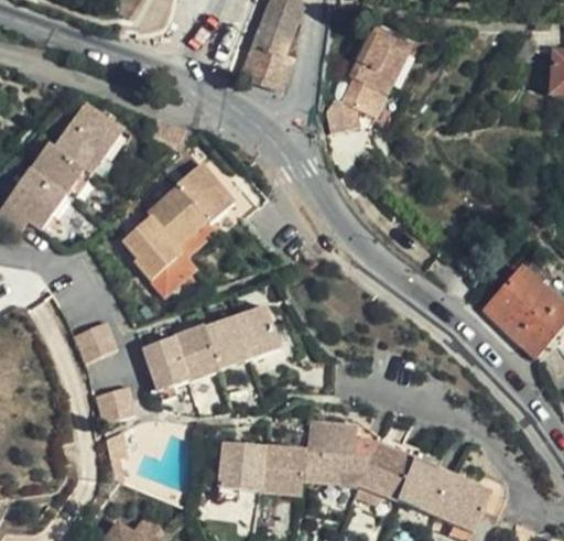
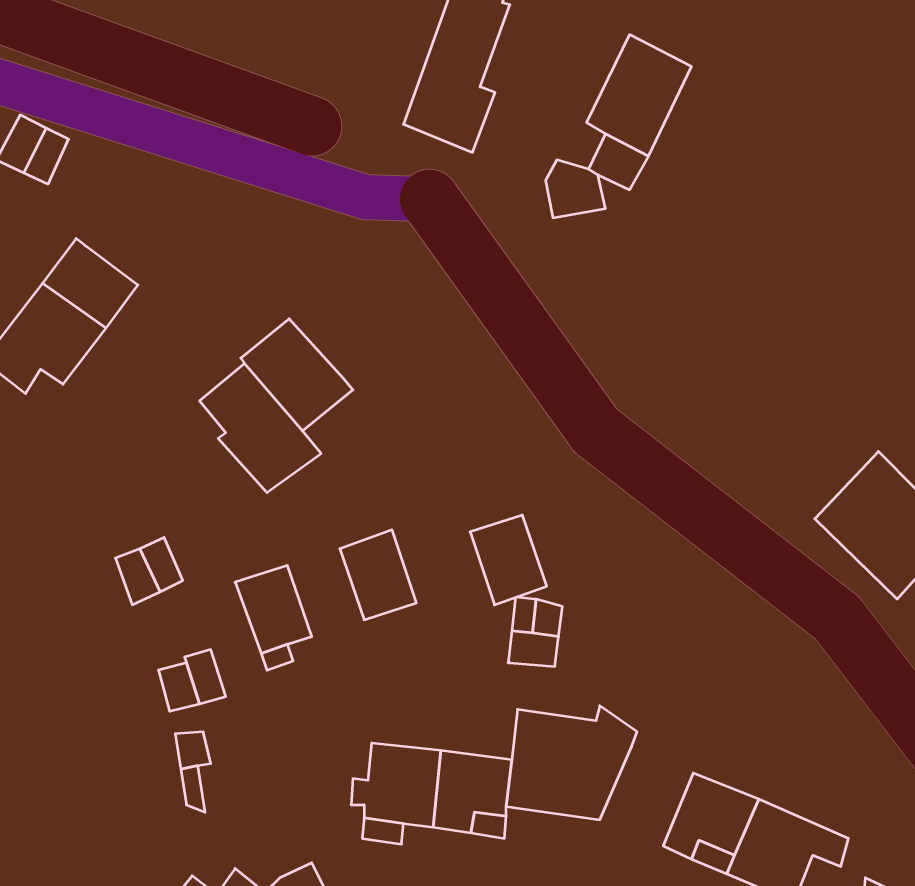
building: [55,106,124,175] -> none
building: [172,165,232,226] -> none
building: [236,305,281,358] -> [470,515,547,605]
building: [174,326,219,378] -> none
building: [358,443,413,501] -> none

